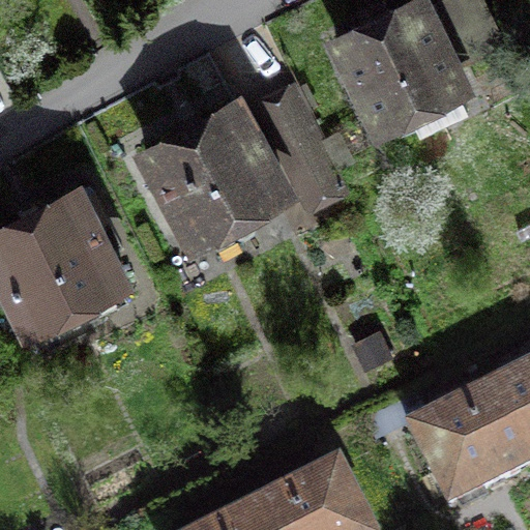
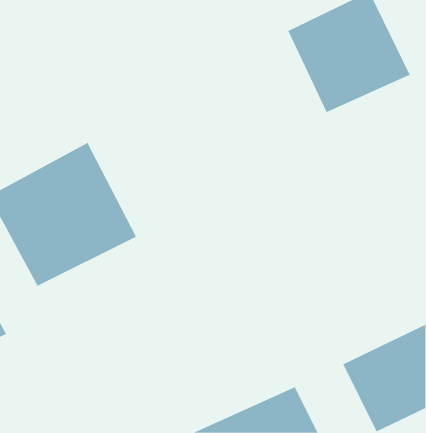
building: [148,87,325,266] -> none

